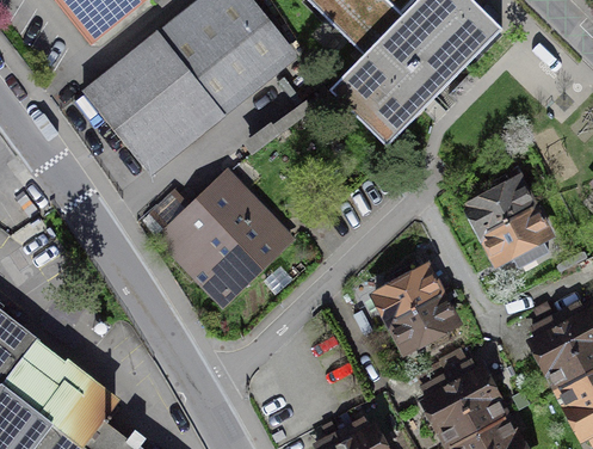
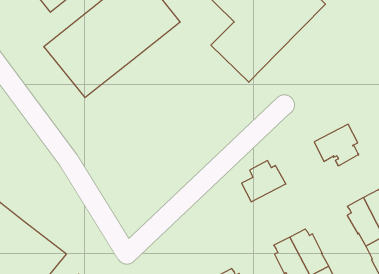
building: [142,173,289,305] -> none
building: [468,173,533,233] -> none
building: [390,295,456,350] -> none

